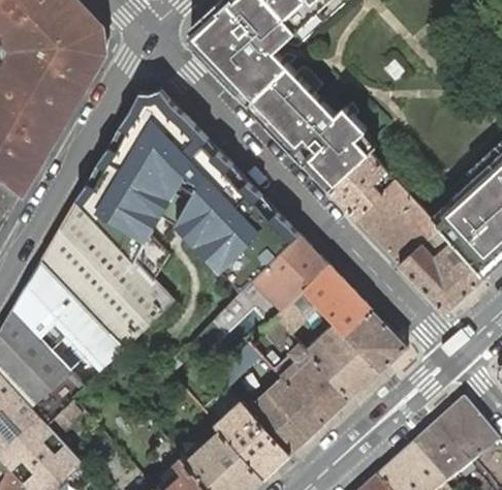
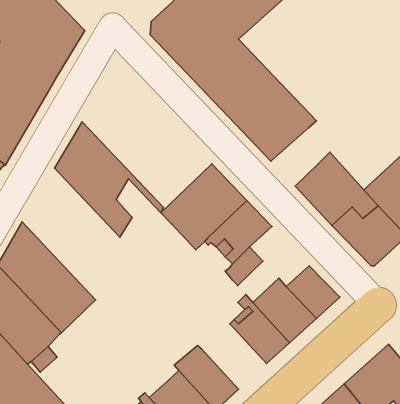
building: [108,88,258,249] -> none
building: [326,151,387,218] -> none
building: [39,197,174,349] -> none
building: [302,265,371,334] -> none
building: [247,377,321,453] -> none

